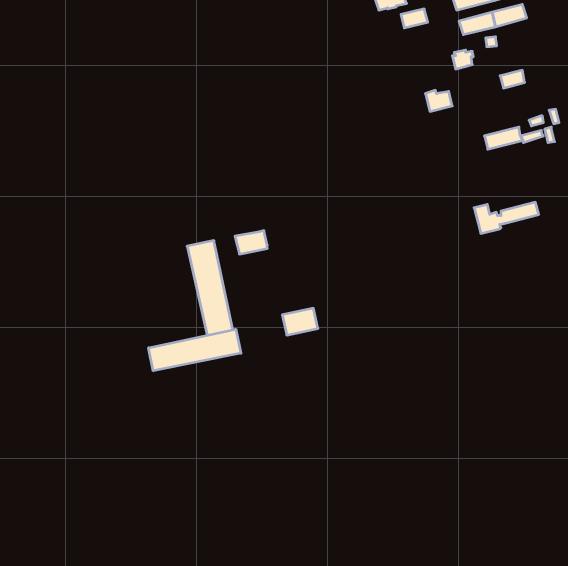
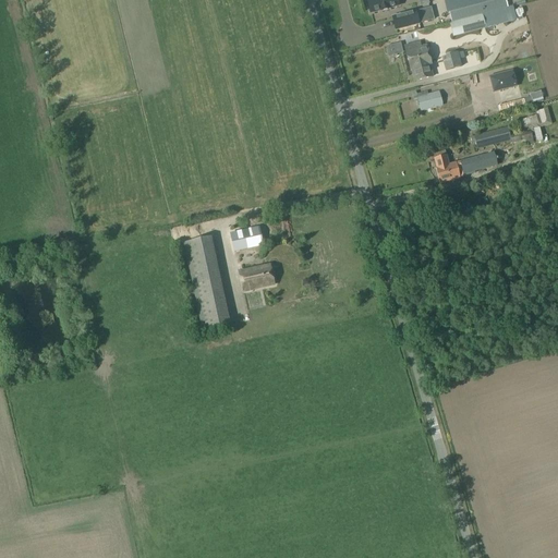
building: none -> [405,39,434,78]
building: [474,202,539,233] -> [435,150,498,181]
building: [282,308,318,335] -> [240,263,275,289]
building: [149,329,241,371] -> none

